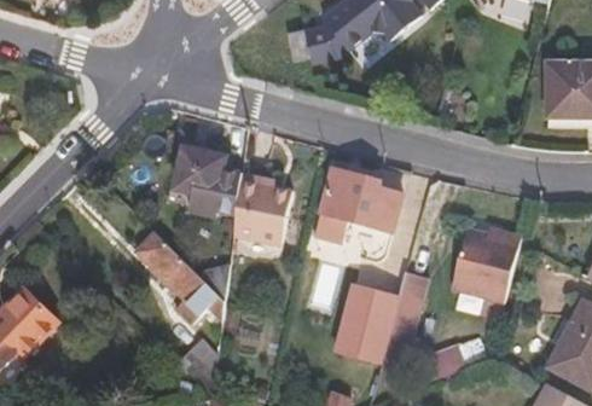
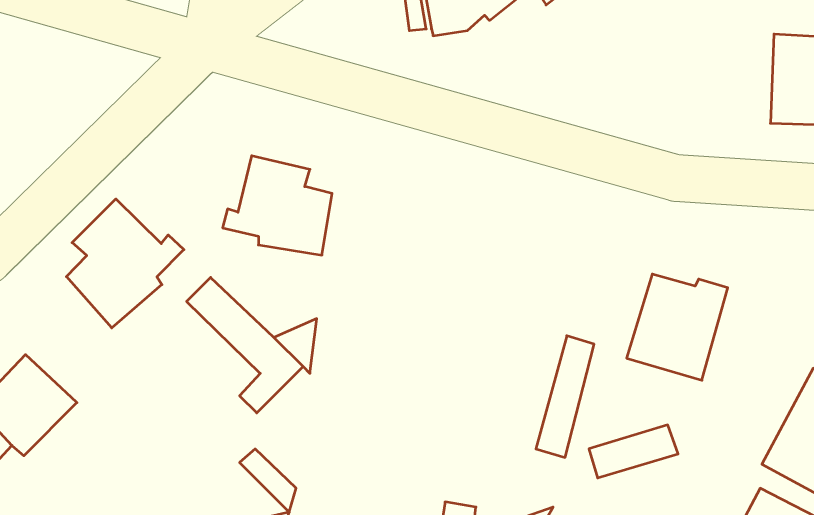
building: [321,167,401,237] -> none
building: [233,174,291,246] -> none
building: none -> [66,199,184,328]
building: [335,262,406,354] -> none

